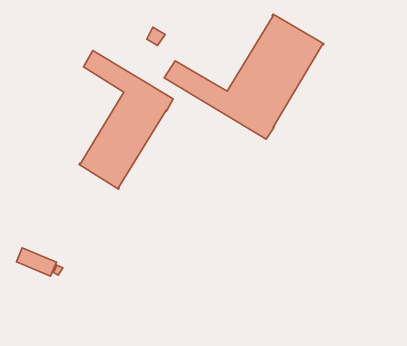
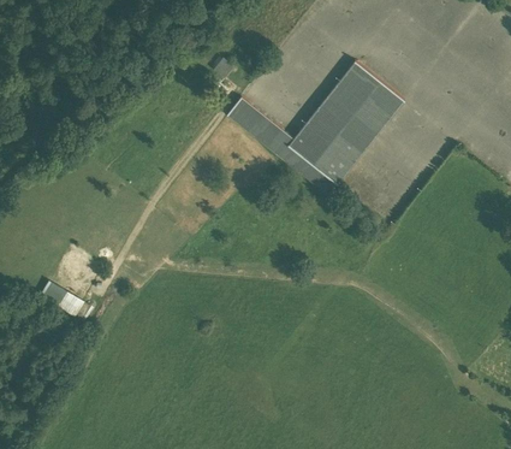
building: [79,50,173,189] -> none

